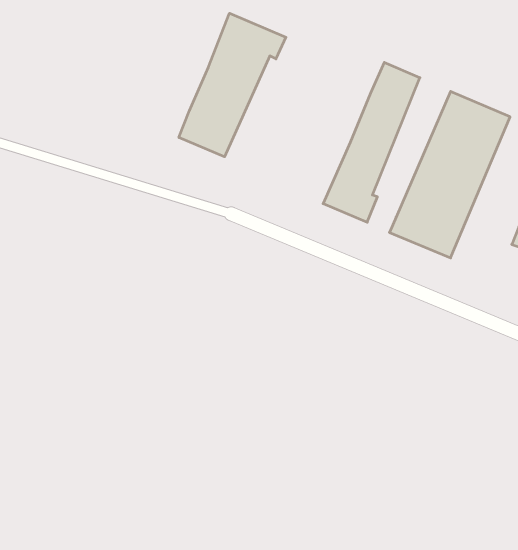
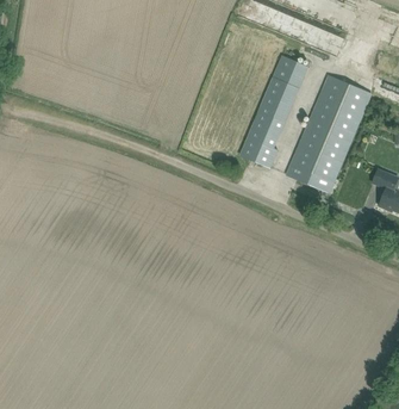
building: [179,13,286,157] -> none

